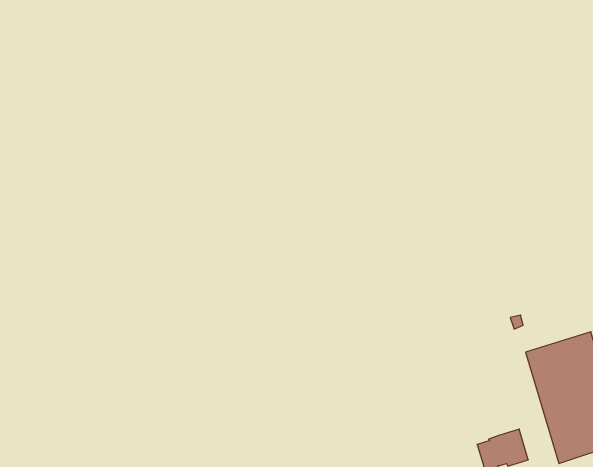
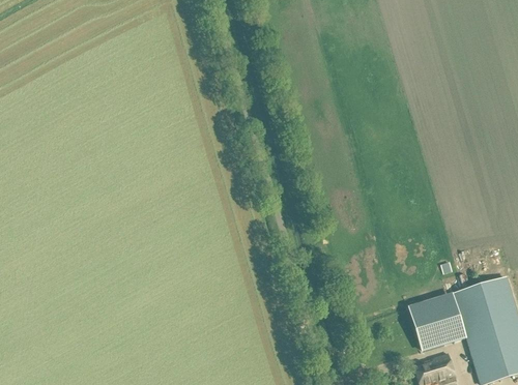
building: none -> [409,294,463,350]

